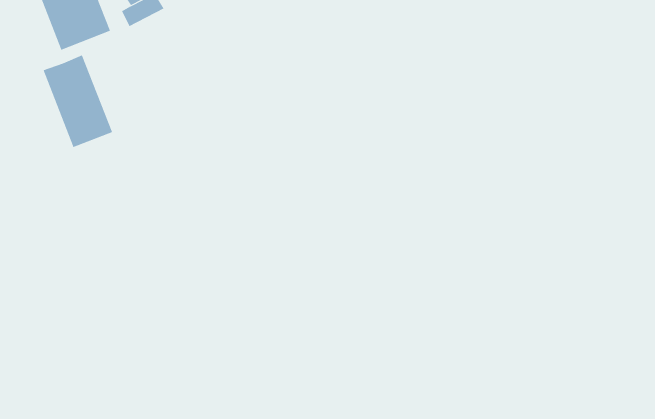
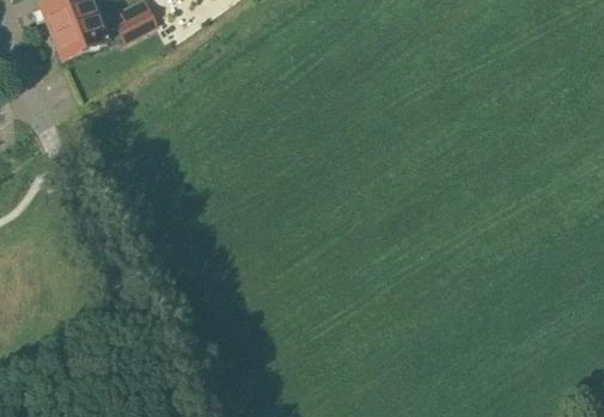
building: [43,54,113,148] -> none

